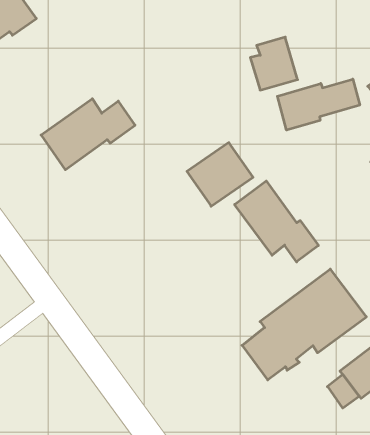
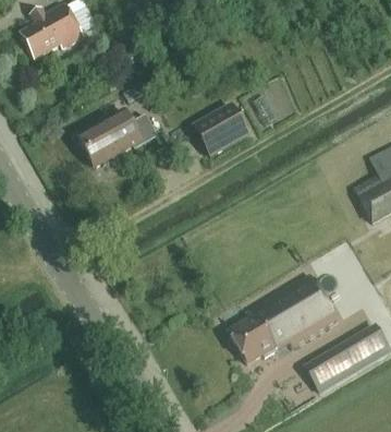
building: [277,79,360,130] -> none
building: [187,143,253,206] -> [194,105,249,157]
building: [235,181,318,262] -> none

